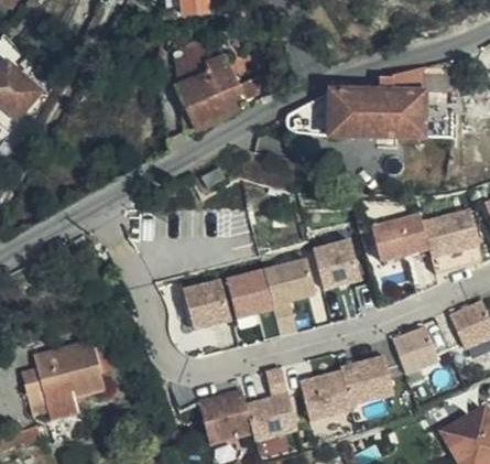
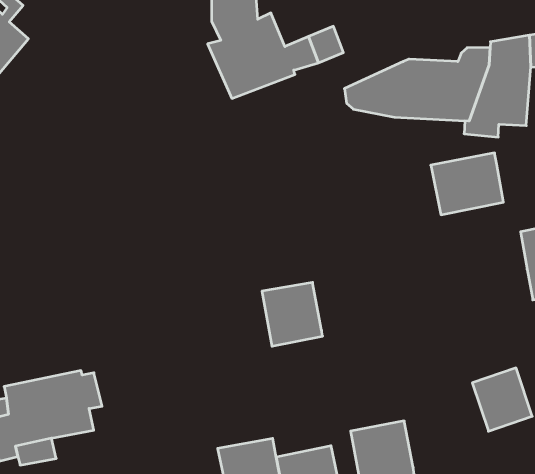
building: [372,211,429,260] -> [431,153,503,215]
building: [315,238,360,288] -> none
building: [265,257,316,303] -> none
building: [185,278,230,327] -> none
building: [340,354,393,404] -> none

